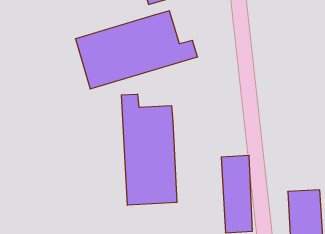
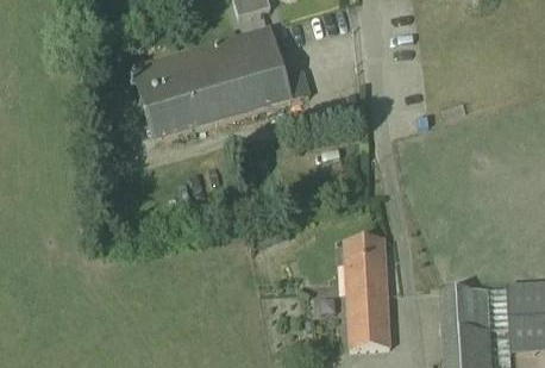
building: [121,94,177,205] -> none

